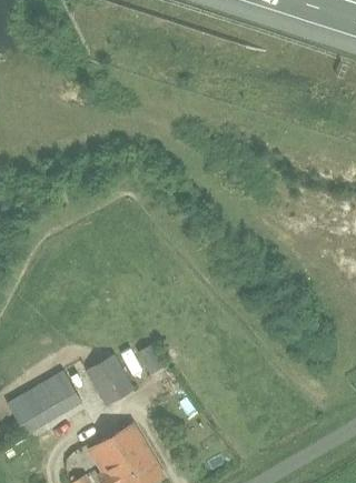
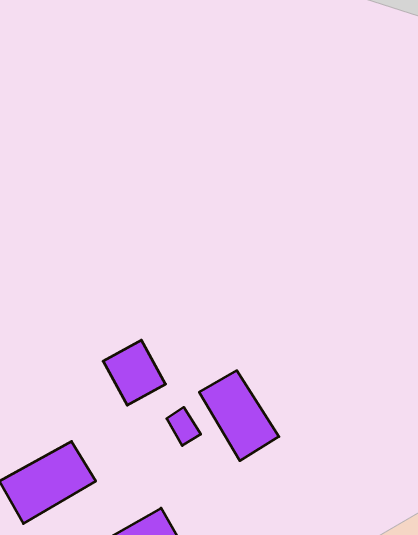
building: none -> [199,371,279,461]
building: [86,354,135,405] -> [103,340,166,405]

